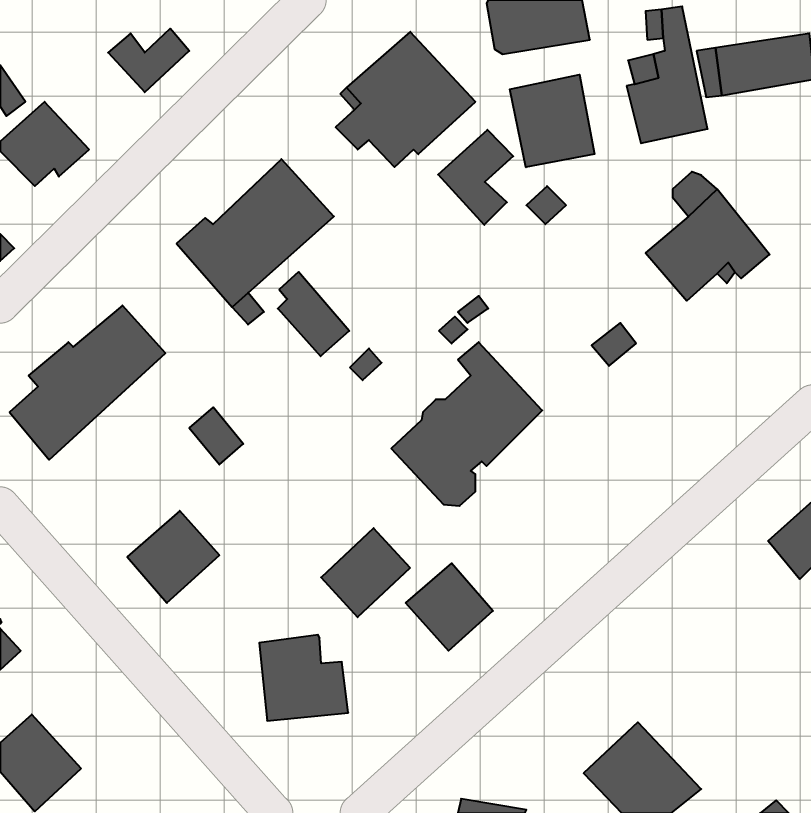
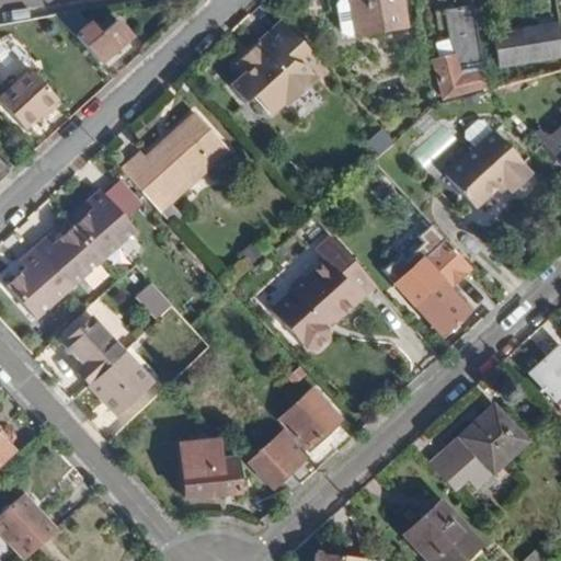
building: [510,75,595,167] -> none
building: [438,130,513,225] -> none
building: [278,272,349,356] -> [85,185,135,243]
building: none -> [399,240,472,334]
building: none -> [65,316,125,383]
building: [321,528,410,617] -> [248,427,309,489]
building: none -> [430,407,523,485]

